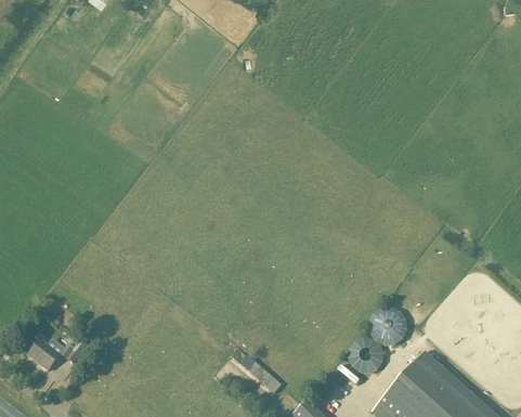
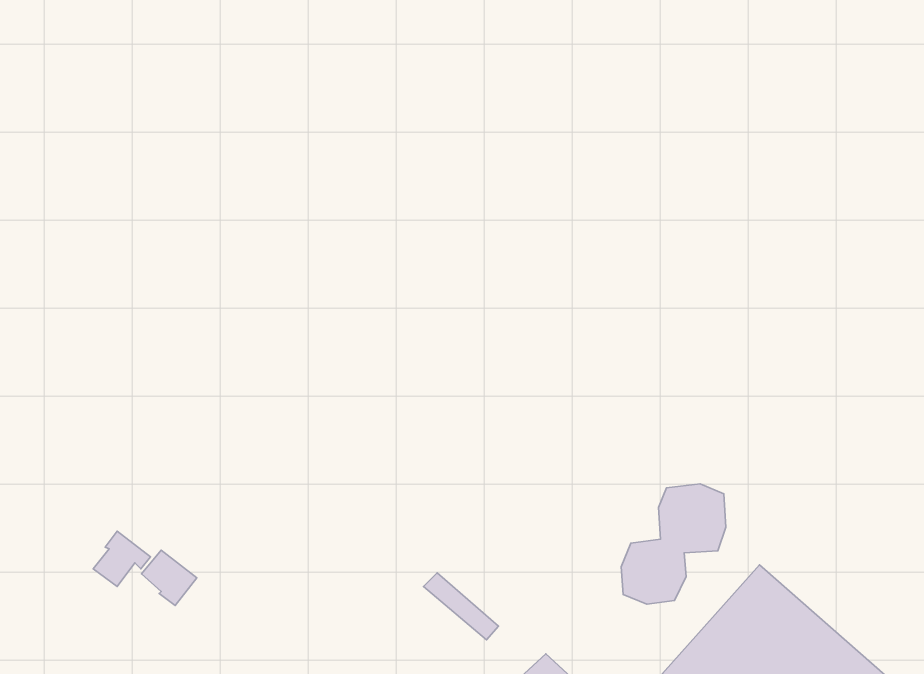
building: [28,343,58,374] -> [141,550,197,605]

